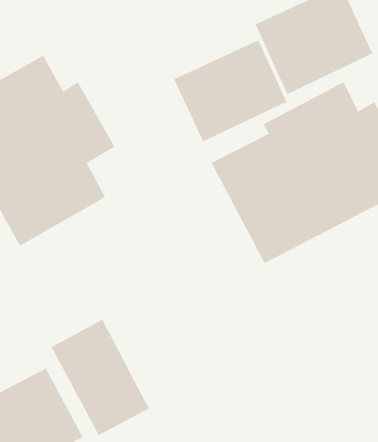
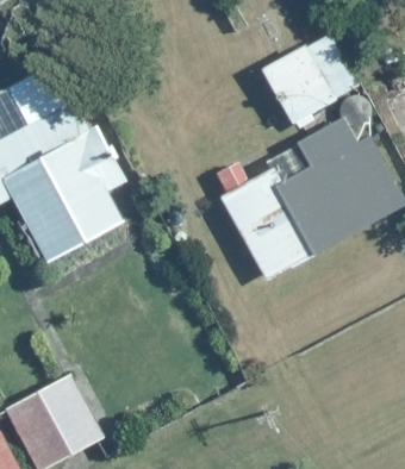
building: [173,40,287,142] -> none
building: [51,319,149,436] -> none

